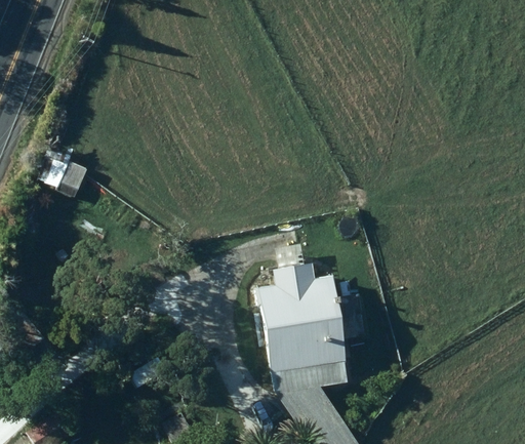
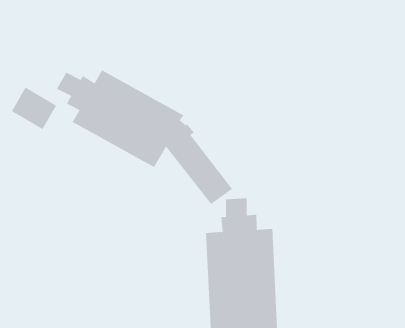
building: none -> [56,70,233,205]

